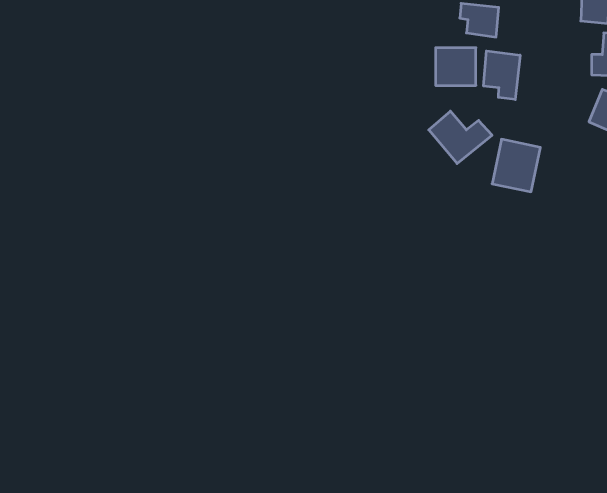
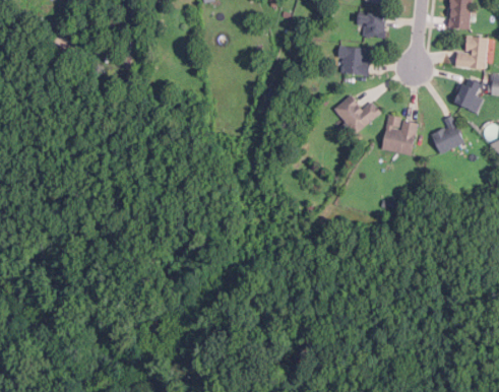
building: [484,51,520,100] -> none
building: none -> [430,116,463,153]

